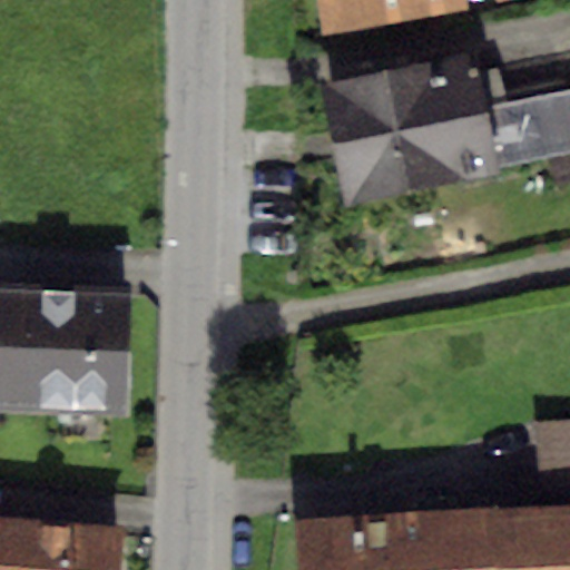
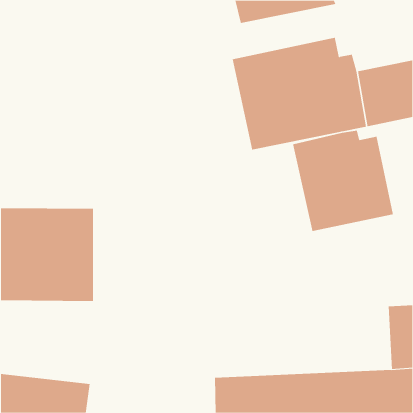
building: none -> [293,130,394,232]

